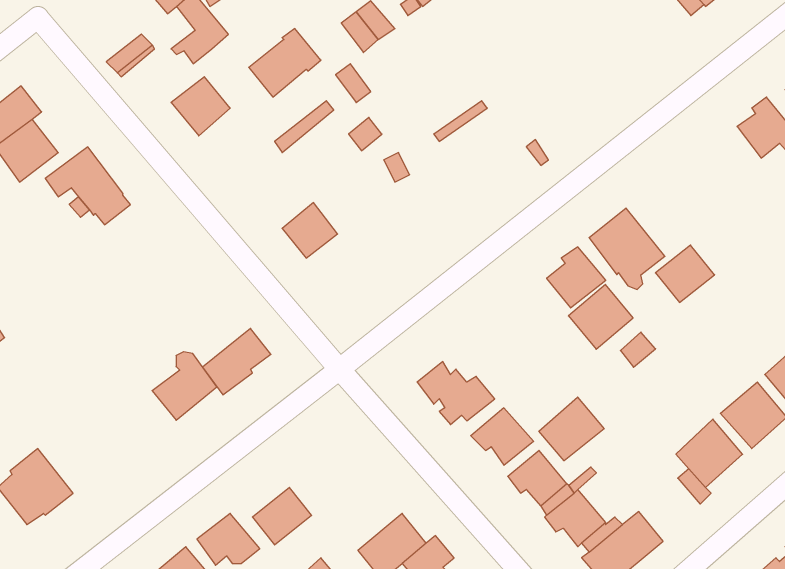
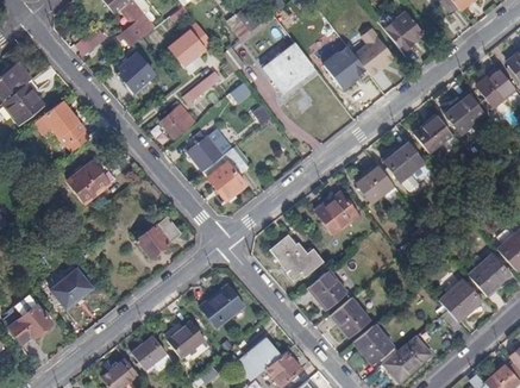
building: none -> [381,12,421,54]
building: none -> [320,26,394,90]
building: none -> [258,44,307,90]
building: none -> [443,92,485,134]
building: none -> [158,106,193,140]
building: none -> [206,148,246,200]
building: none -> [67,158,113,205]
building: [655,245,715,302] -> [414,117,452,154]
building: [568,284,633,349] -> [315,194,357,236]
building: [152,352,217,420] -> [50,267,92,311]
building: [539,397,604,461] -> none
building: none -> [199,284,243,328]

